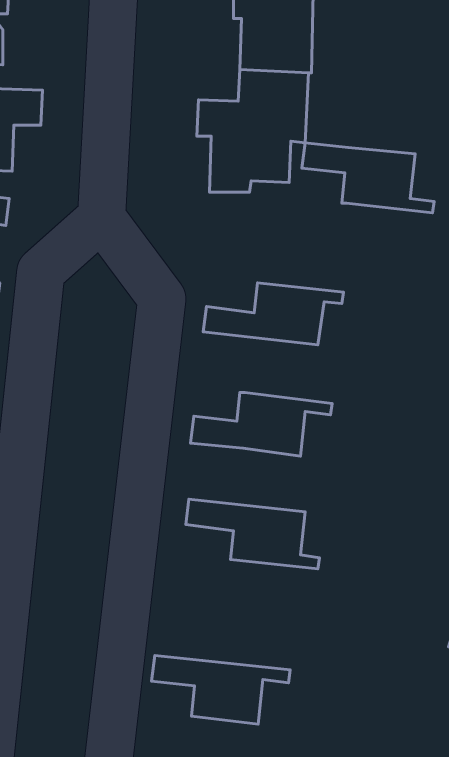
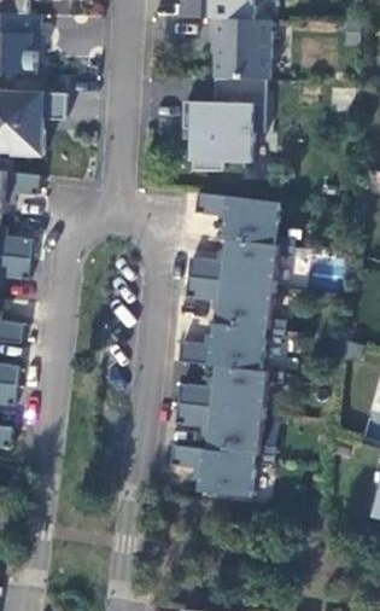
building: [302,143,434,213] -> [194,193,294,246]
building: none -> [185,277,285,331]
building: none -> [176,365,283,413]
building: [152,656,290,724] -> [169,446,274,497]

